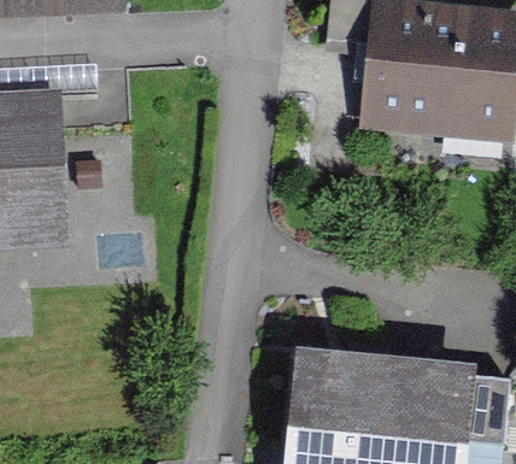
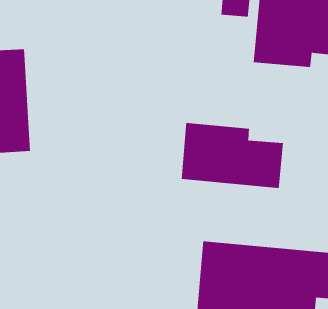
building: none -> [181,122,283,189]

